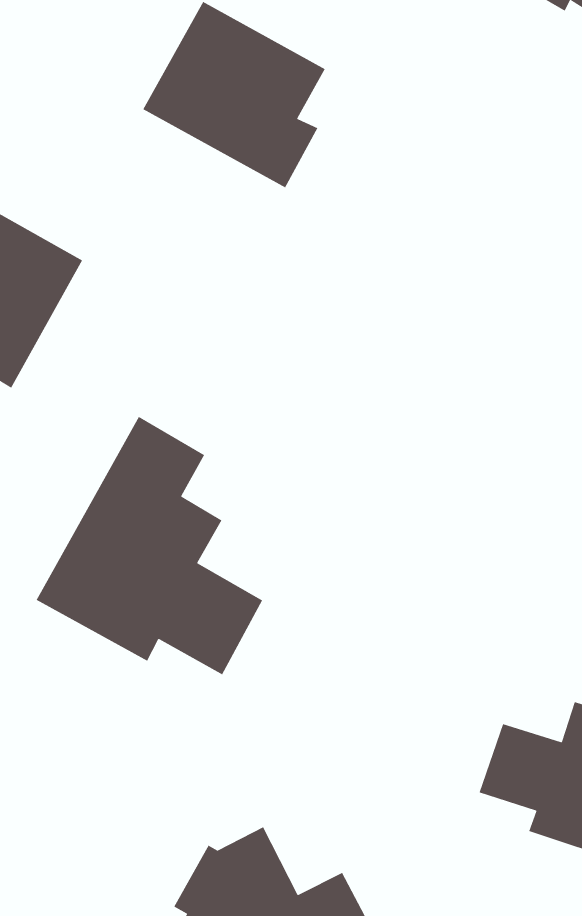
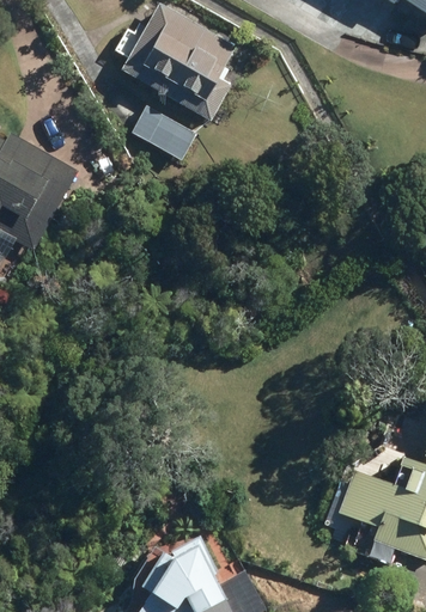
building: none -> [129,104,199,163]
building: [36,416,263,676] -> none

